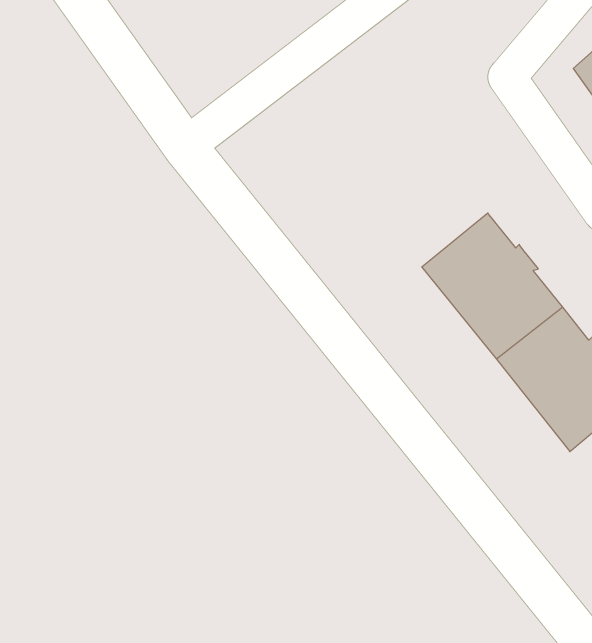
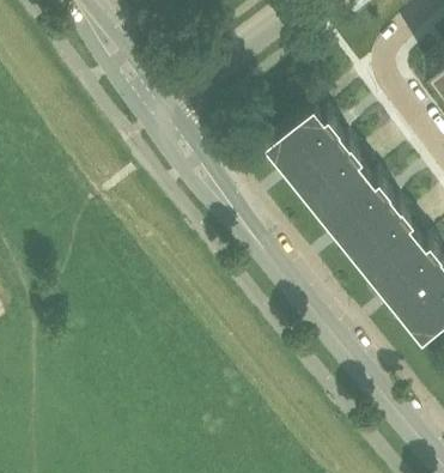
building: none -> [267,113,364,213]

